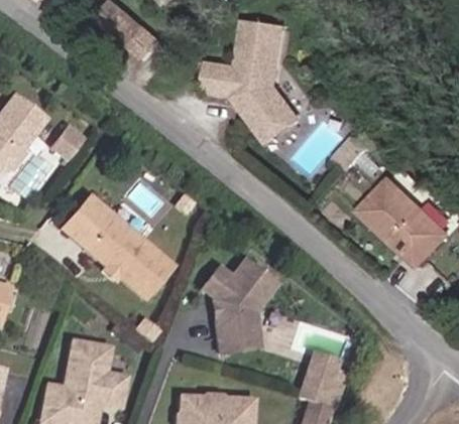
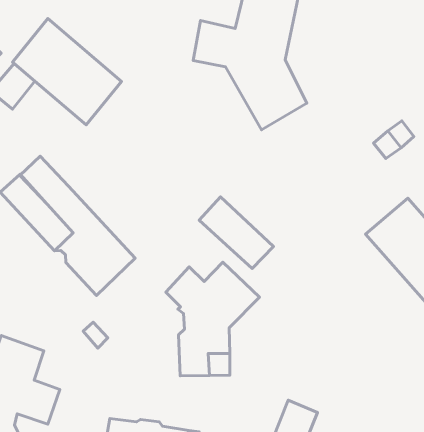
building: none -> [12,19,121,125]
building: none -> [199,197,273,268]

